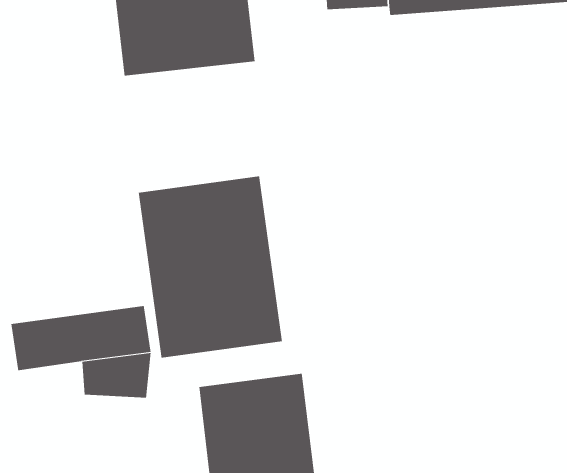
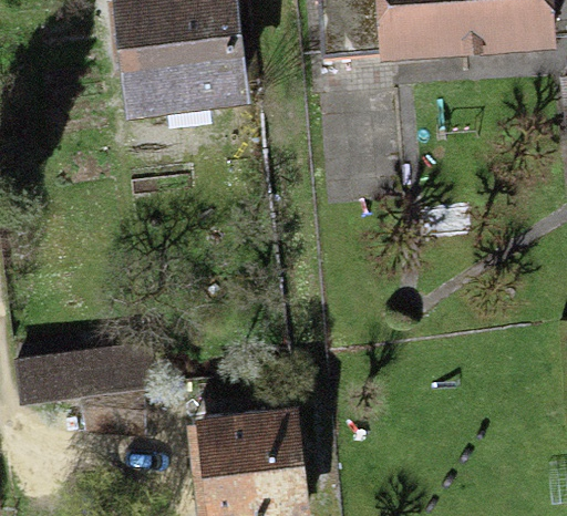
building: [138,175,283,359] -> none

